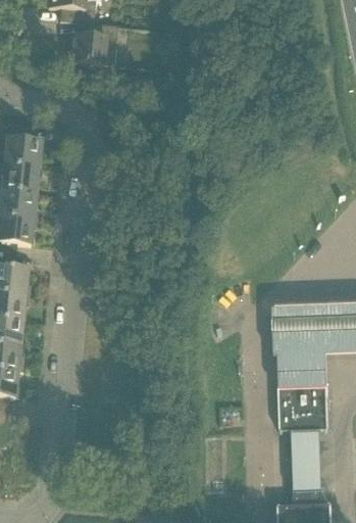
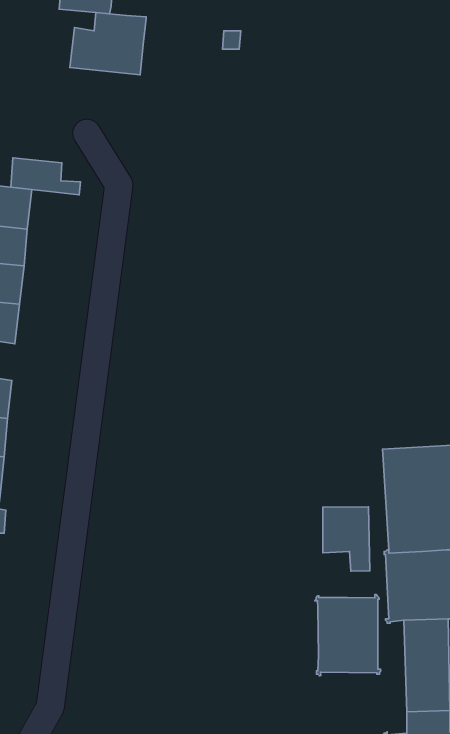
building: none -> [11,158,80,195]
building: none -> [323,507,370,571]
building: none -> [315,594,381,676]

